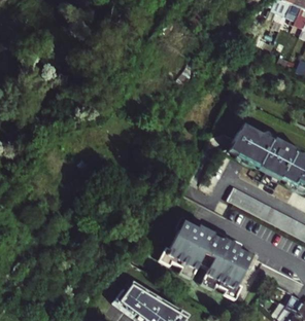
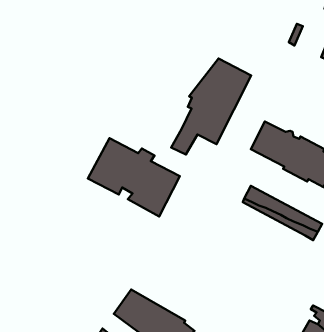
building: none -> [171,59,251,155]
building: [167,221,249,291] -> [88,138,180,216]

